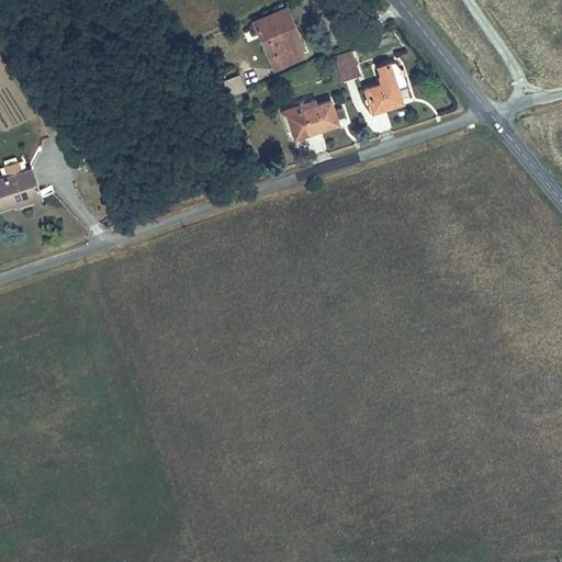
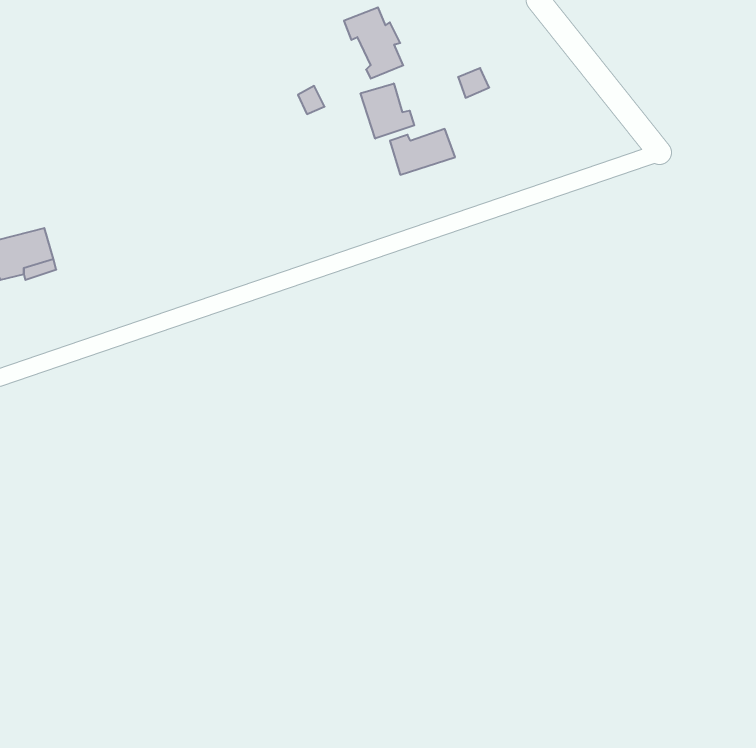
building: none -> [361,83,414,139]
building: [364,80,401,112] -> none

